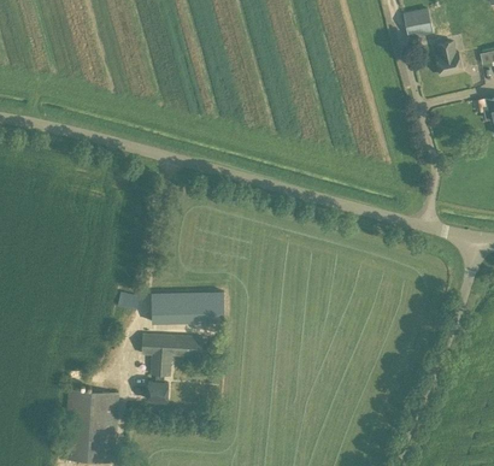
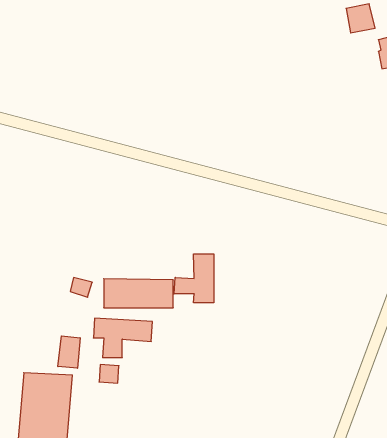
building: none -> [174,254,214,303]
building: none -> [58,336,80,368]

